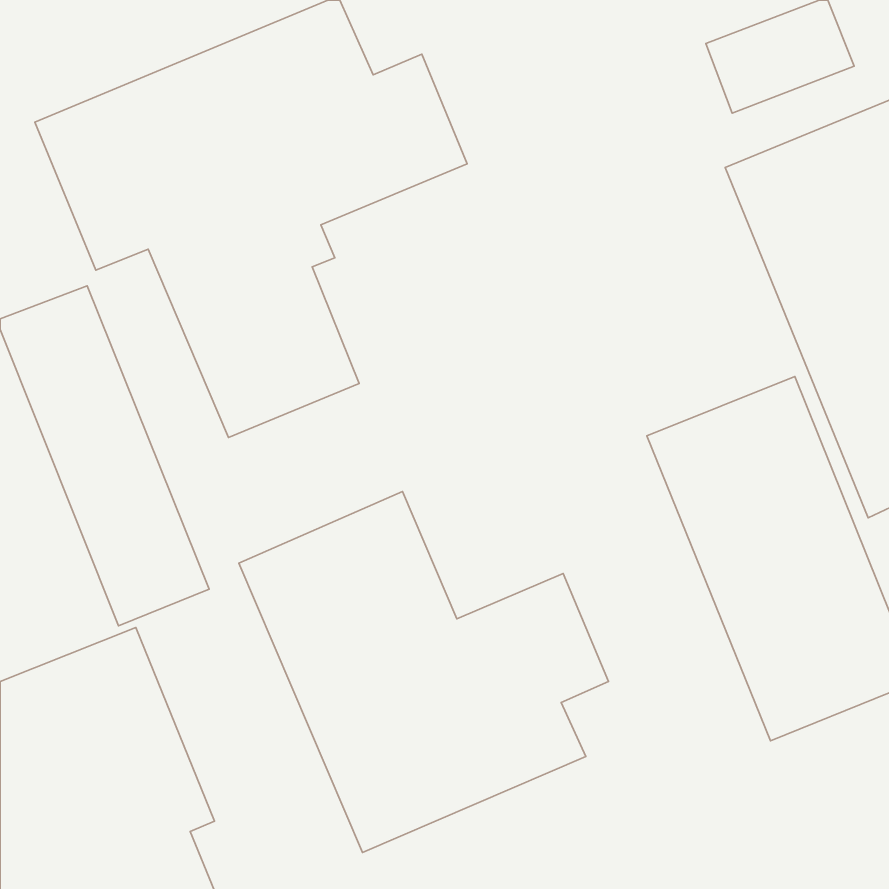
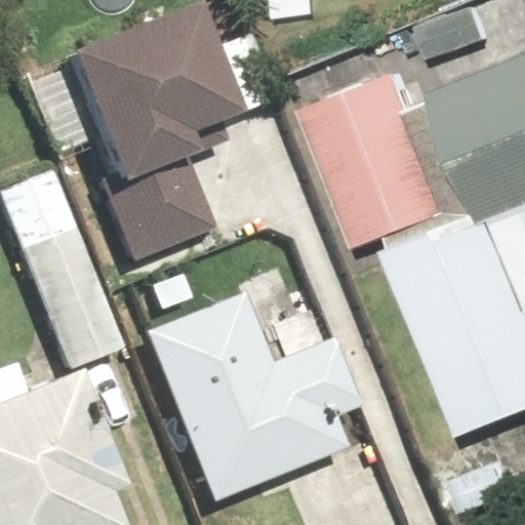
building: none -> [326,73,450,232]

